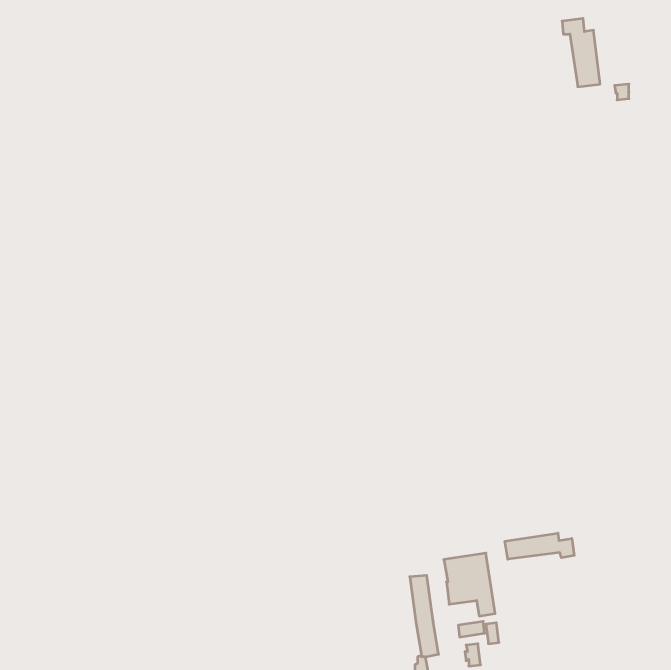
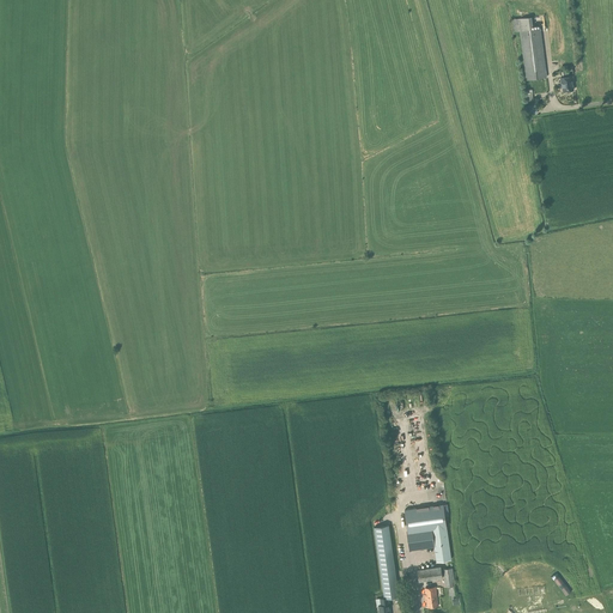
building: [505,533,574,559] -> none

